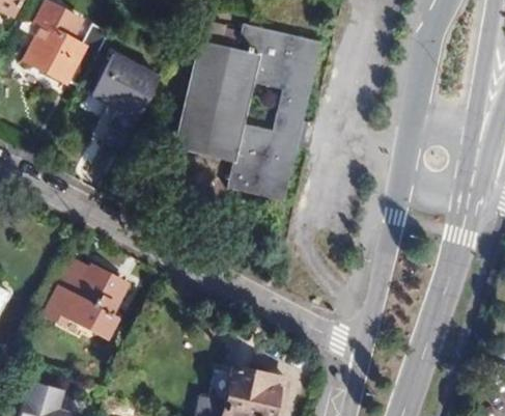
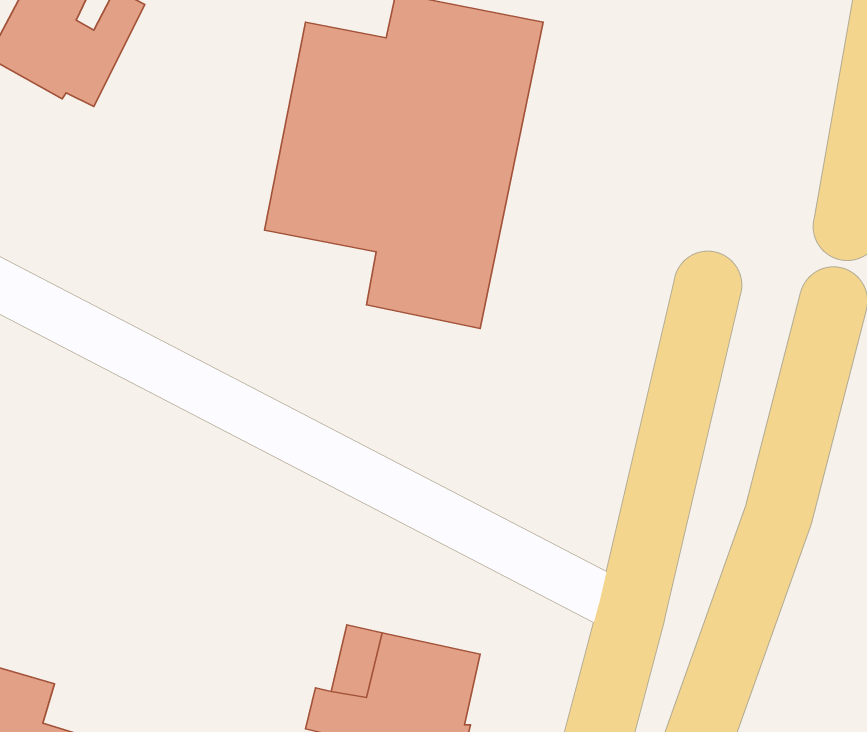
building: [93,51,162,146] -> none
building: [44,261,125,337] -> none

